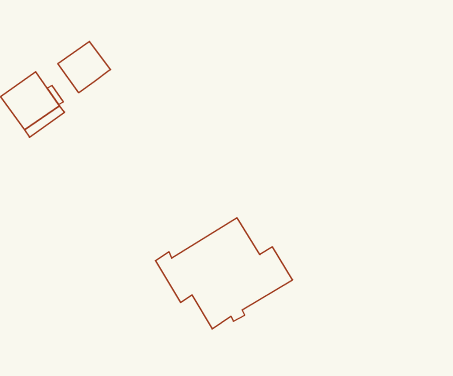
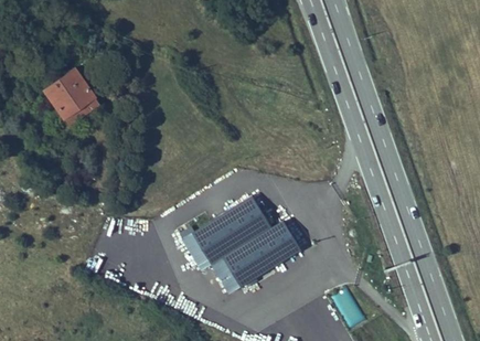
building: [58,41,111,93] -> none

